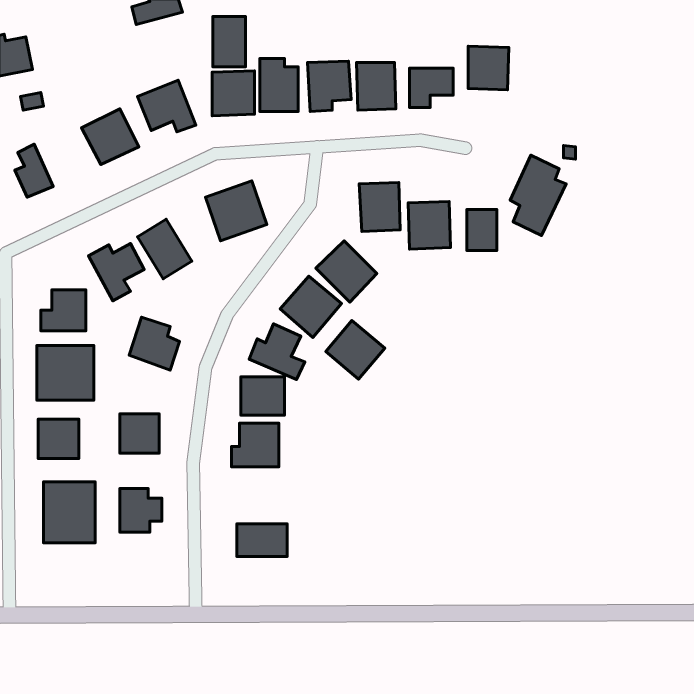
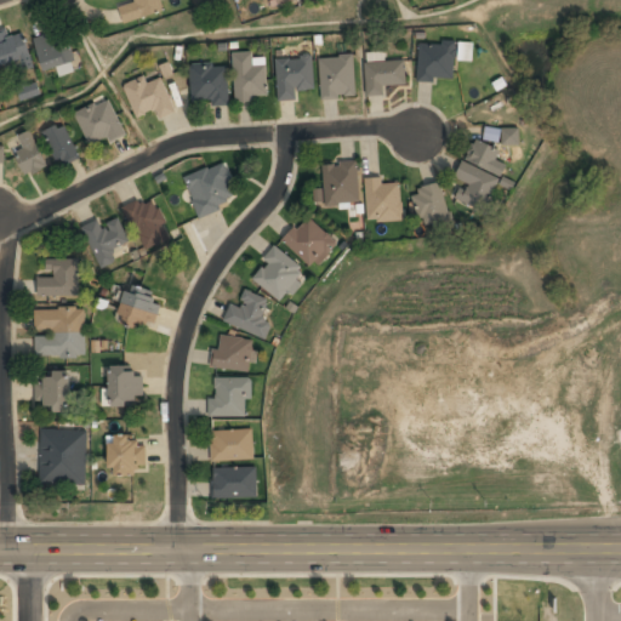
building: [213,17,246,67] -> none
building: none -> [38,34,69,67]
building: none -> [42,123,76,165]
building: [326,321,385,379] -> none
building: none -> [209,429,252,460]

